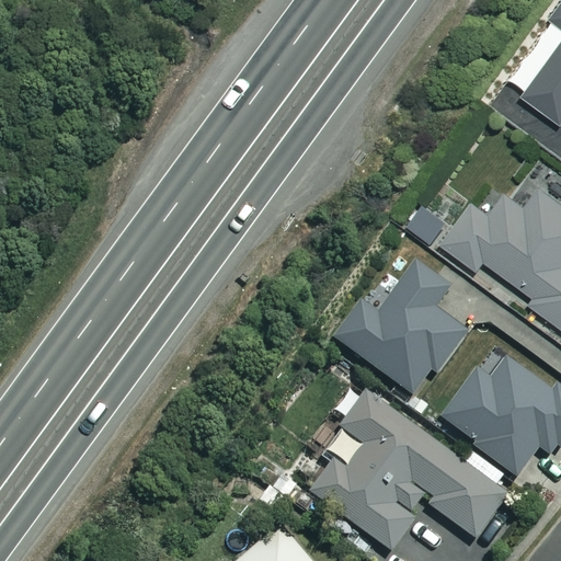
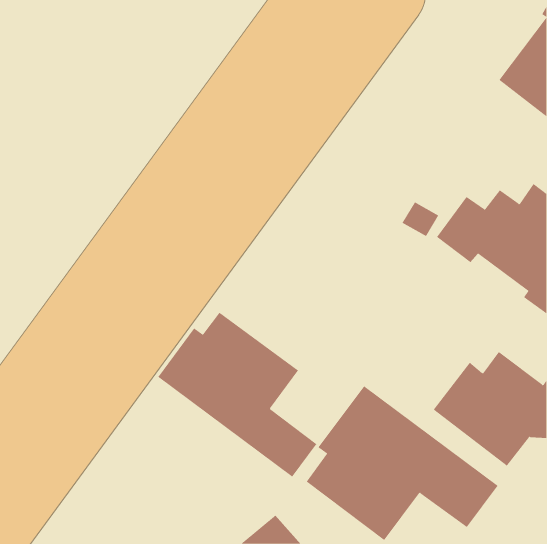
building: [333,259,466,392] -> none
building: none -> [158,312,317,478]

